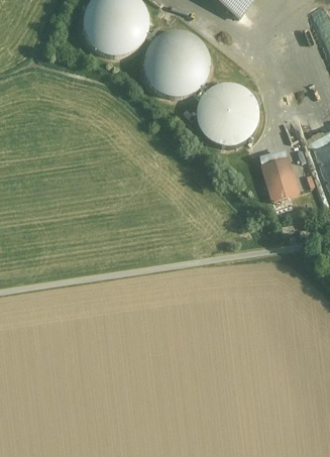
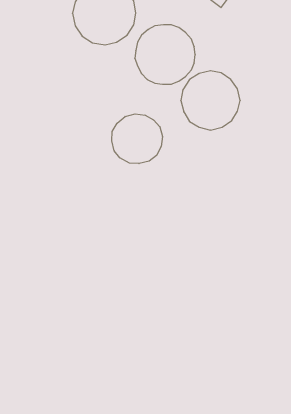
building: none -> [112,114,162,164]
building: [259,148,299,200] -> none

